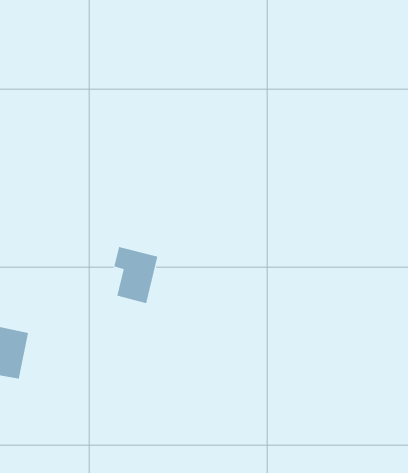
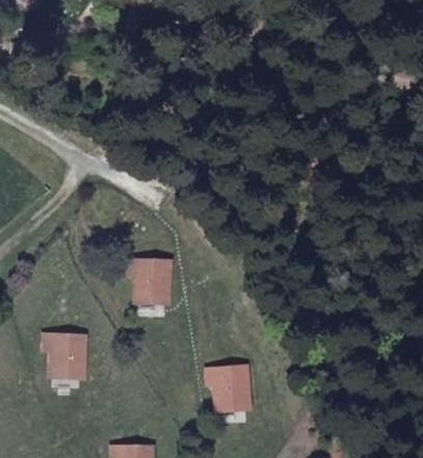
building: none -> [213,368,247,406]

